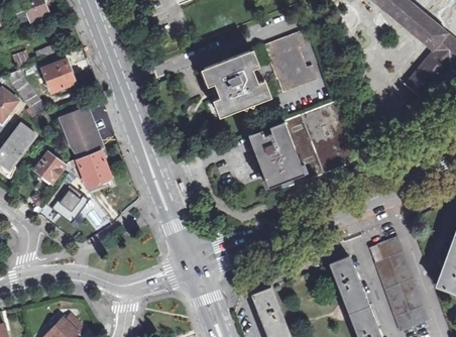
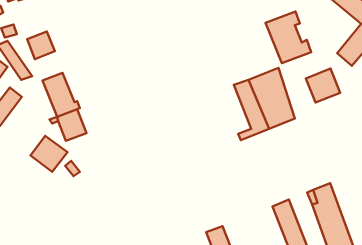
building: [263,32,317,93] -> [266,12,311,63]
building: [204,50,267,116] -> none
building: none -> [306,69,340,103]
building: [248,121,305,187] -> none
building: [35,151,67,184] -> none

